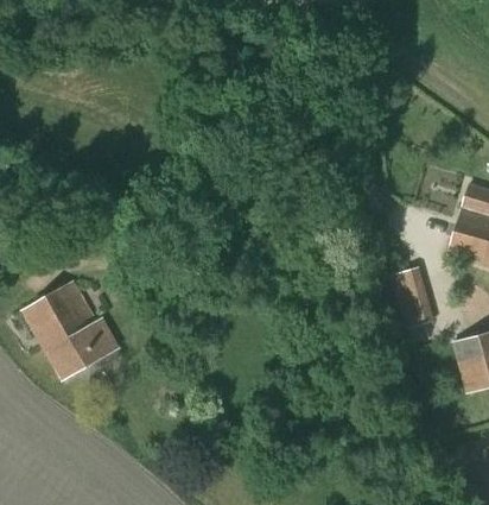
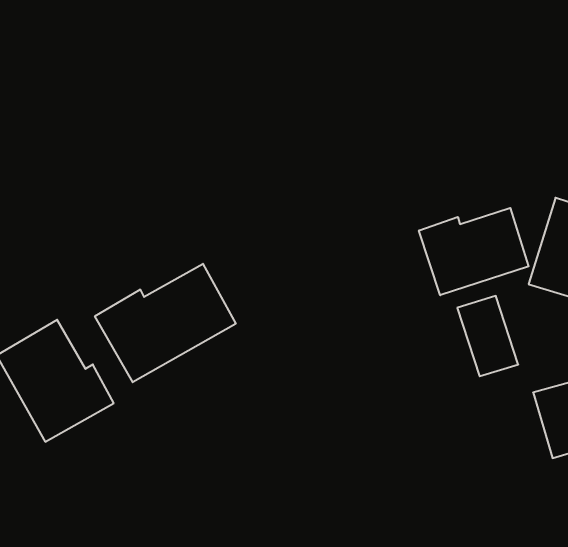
building: none -> [419,208,529,295]
building: none -> [95,264,236,382]

